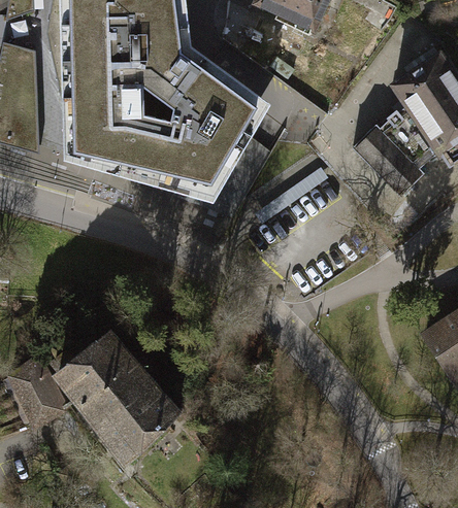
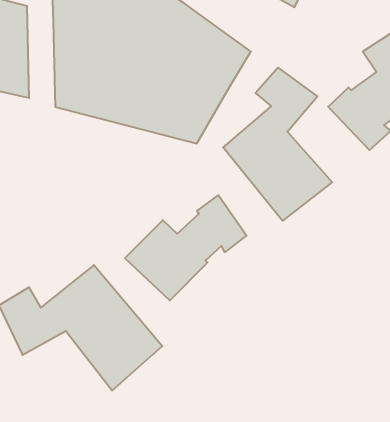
building: none -> [223,68,332,221]
building: none -> [125,195,247,301]

